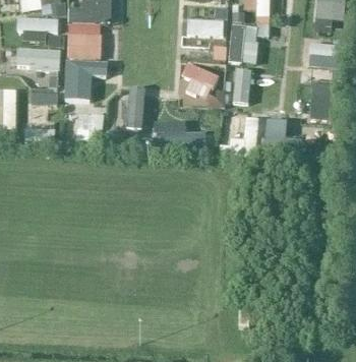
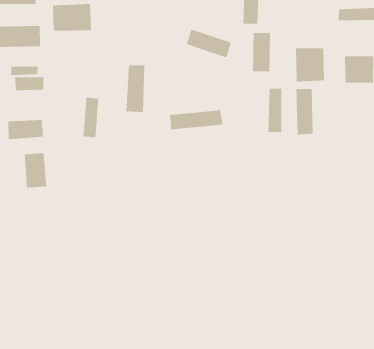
building: [64,60,92,102] -> none
building: none -> [295,48,325,83]
building: none -> [24,152,47,188]

